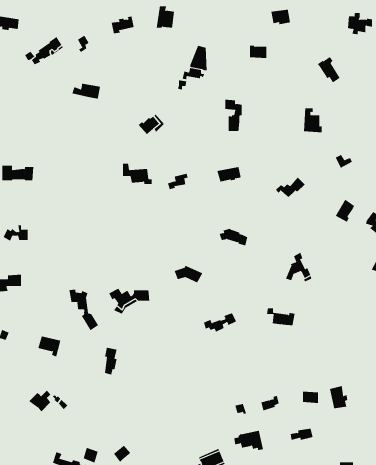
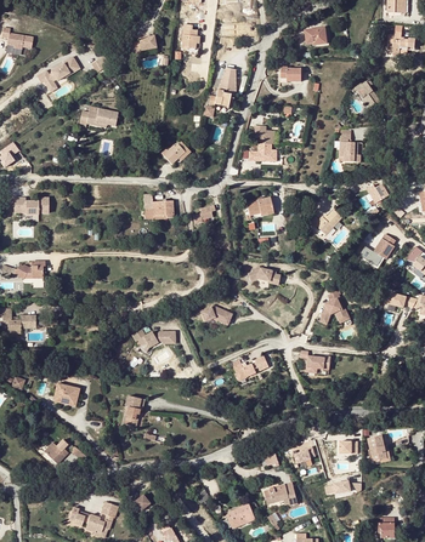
building: [69,289,99,331] -> none

